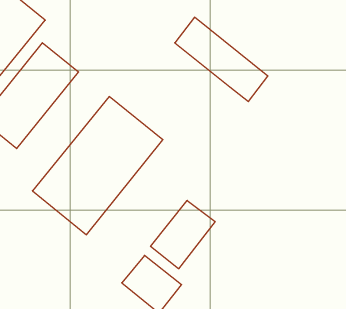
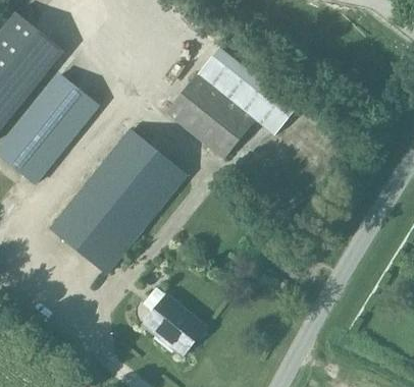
building: none -> [166,73,255,158]
building: [151,200,215,269] -> none

